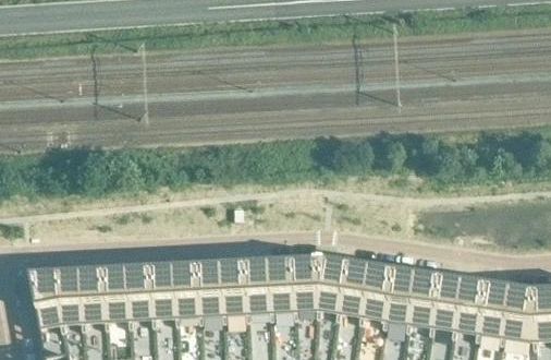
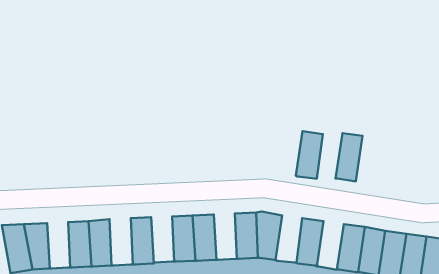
building: [270,255,296,308] -> none
building: [340,257,370,311] -> [296,131,323,178]
building: [199,259,225,312] -> none
building: [152,261,179,314] -> none
building: [387,264,417,319] -> [336,133,363,181]
building: [82,265,108,317] -> none

